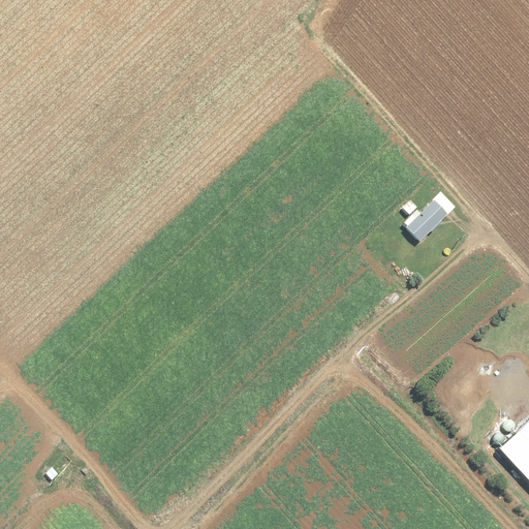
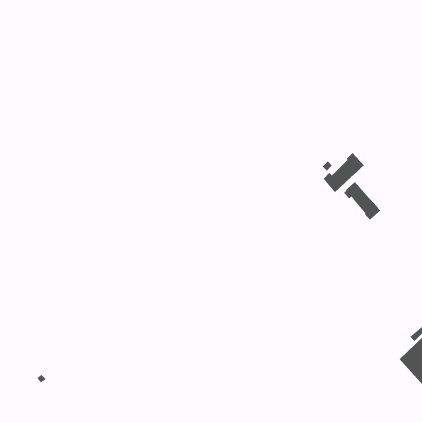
building: none -> [343,181,381,221]

